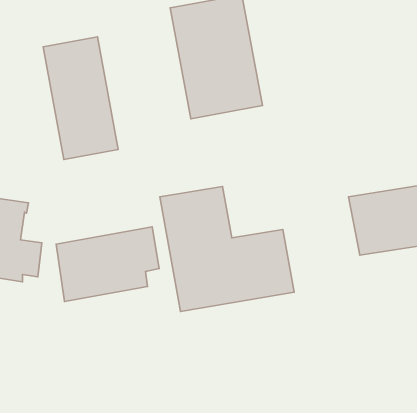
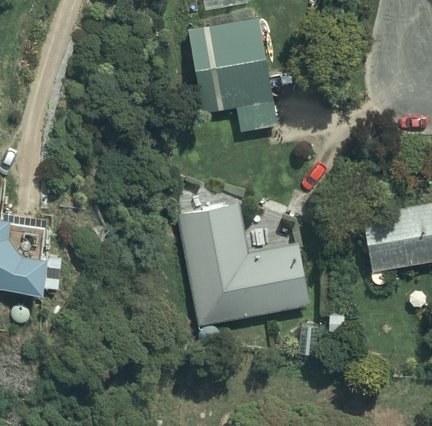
building: [43,37,118,159] -> none
building: [56,227,159,301] -> none

